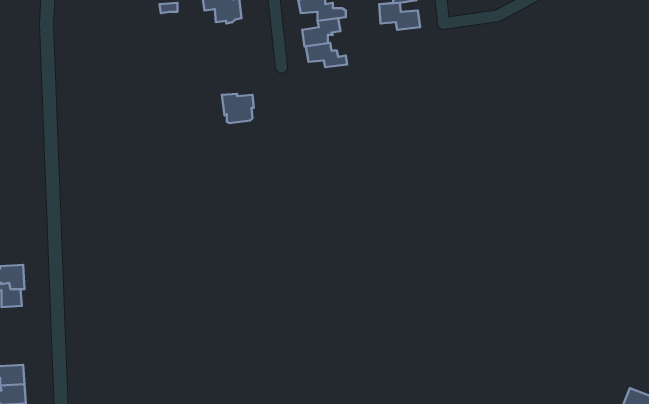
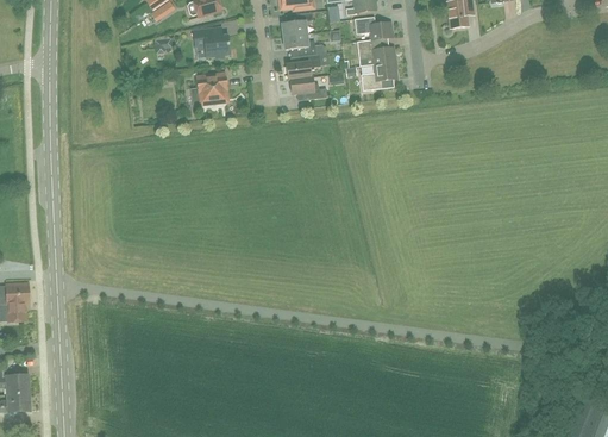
building: none -> [361,62,396,90]
building: [222,94,254,123] -> [196,74,226,101]

